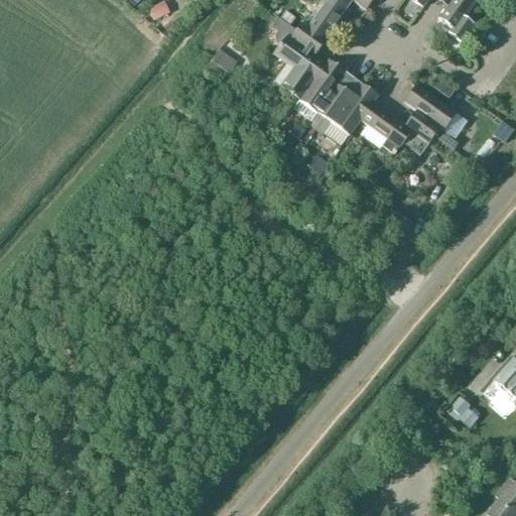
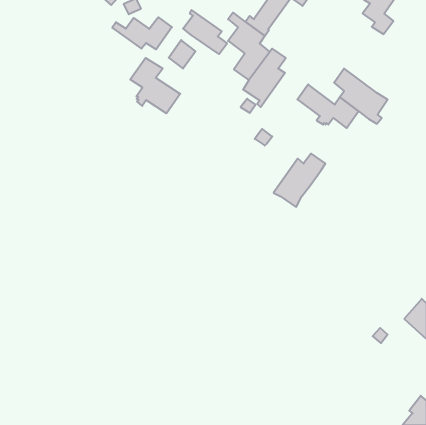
building: none -> [183,10,227,54]
building: none -> [112,17,172,49]
building: none -> [130,58,180,113]
building: [315,82,378,146] -> [274,154,325,207]

